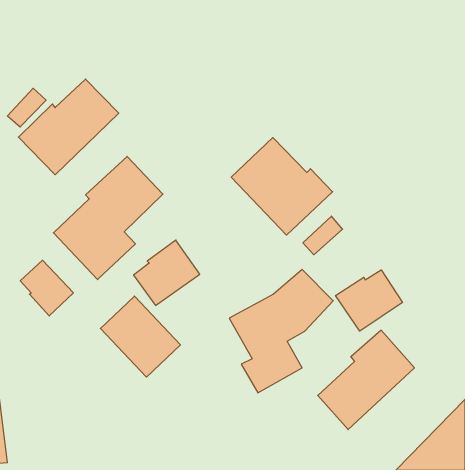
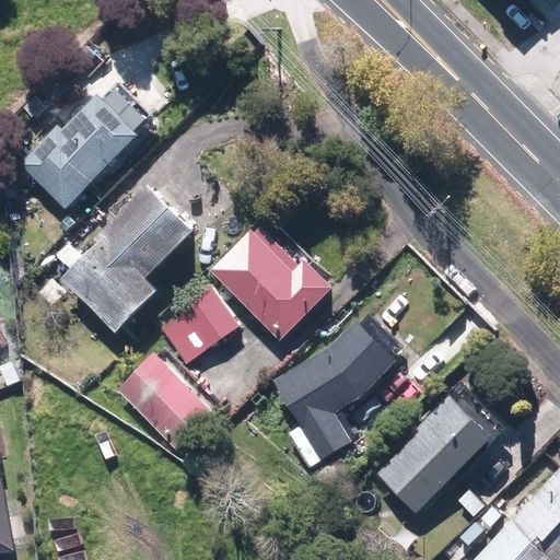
building: [231,138,333,235] -> [211,222,331,338]
building: [20,260,73,316] -> none
building: [336,270,402,331] -> none

